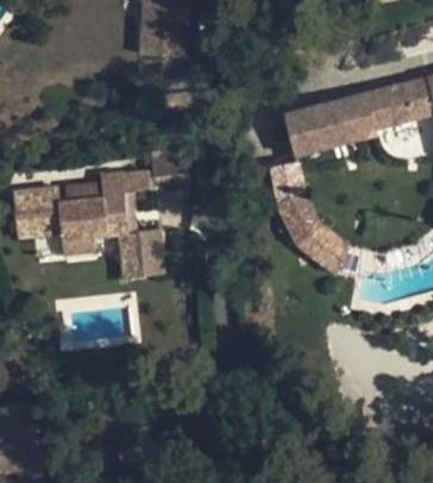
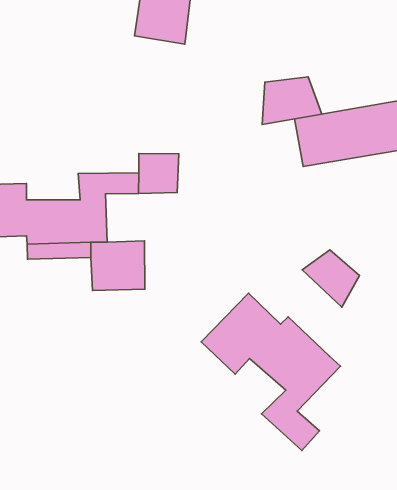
building: none -> [262,77,322,124]
building: [275,193,321,244] -> none
building: none -> [201,293,340,451]

